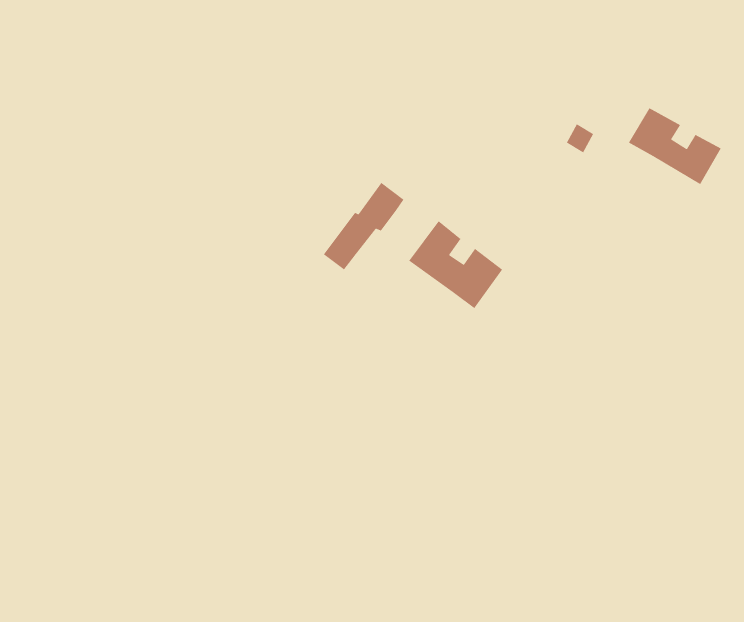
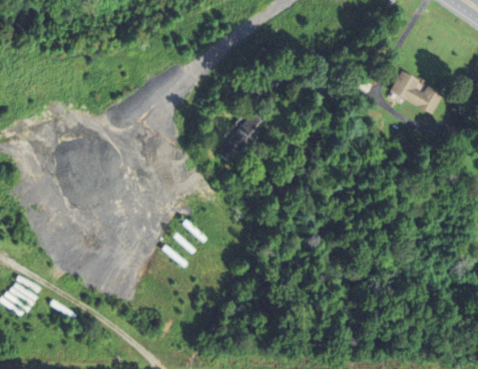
building: [408,220,503,309] -> none

